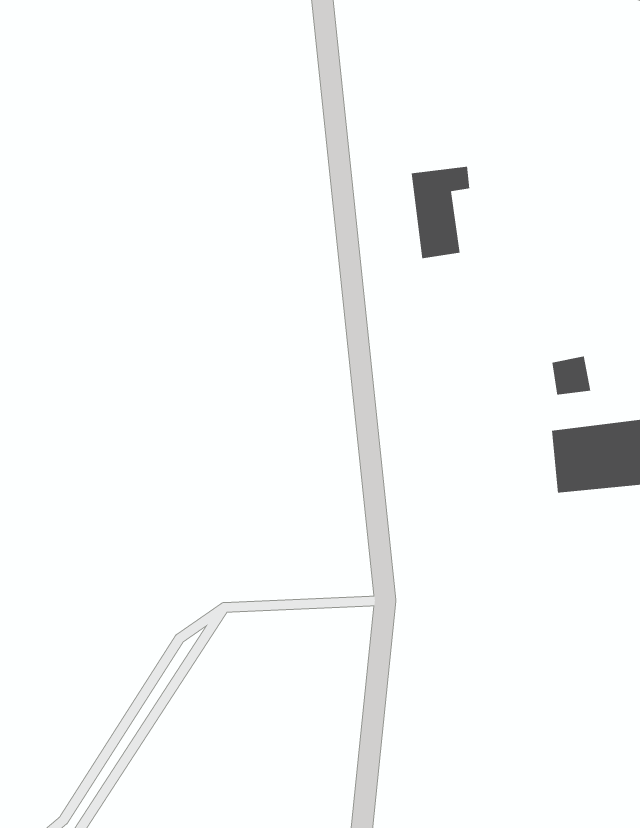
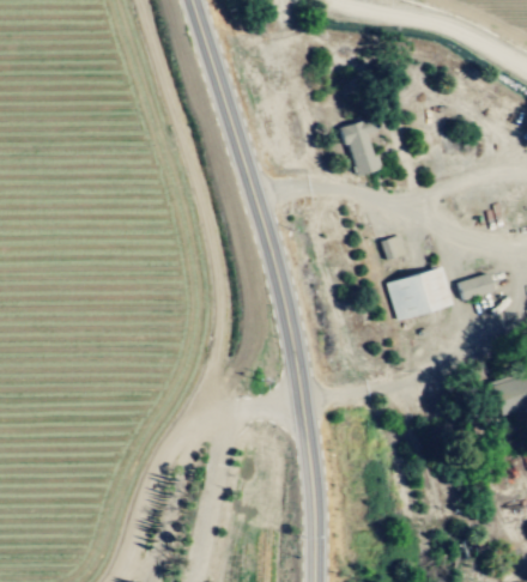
building: [411,166,470,259] -> [343,117,380,177]

